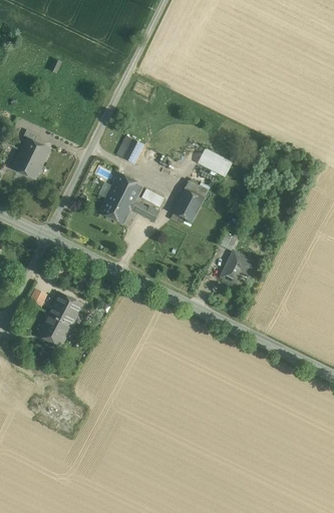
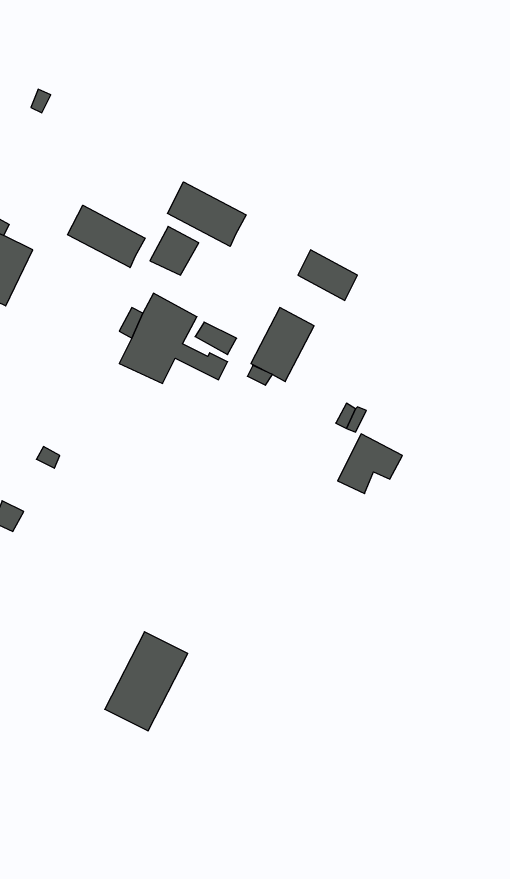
building: none -> [167,182,246,246]
building: none -> [68,205,145,268]
building: [36,292,82,347] -> [105,632,188,731]

